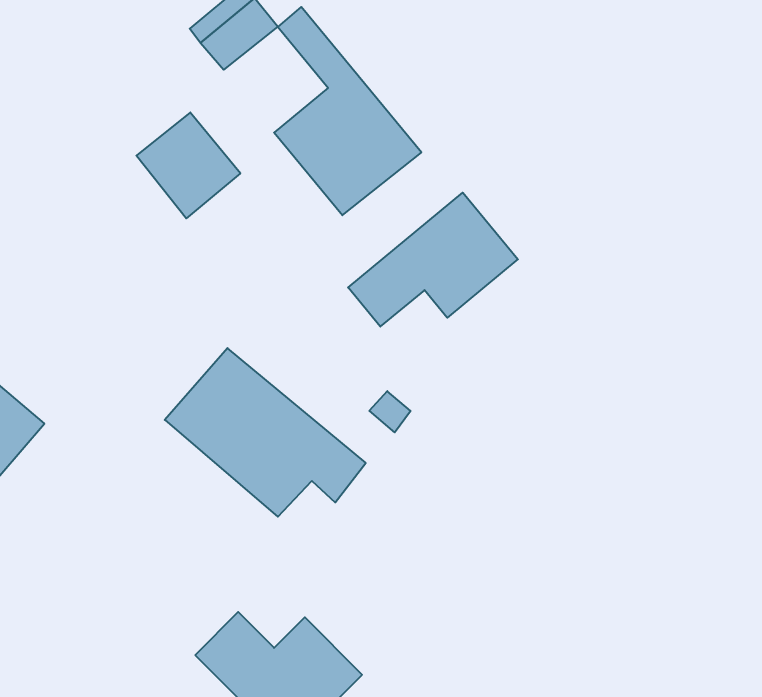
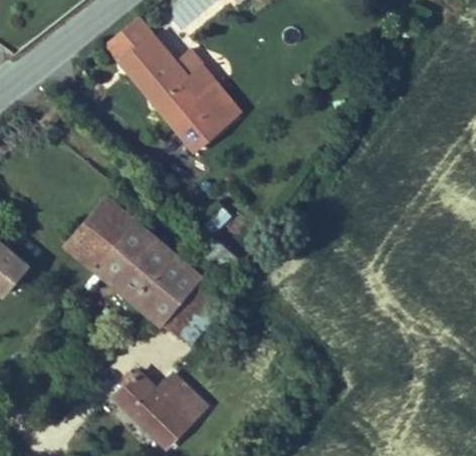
building: [136,112,240,218] -> [128,43,186,102]
building: [348,193,518,327] -> none
building: none -> [74,206,130,263]

